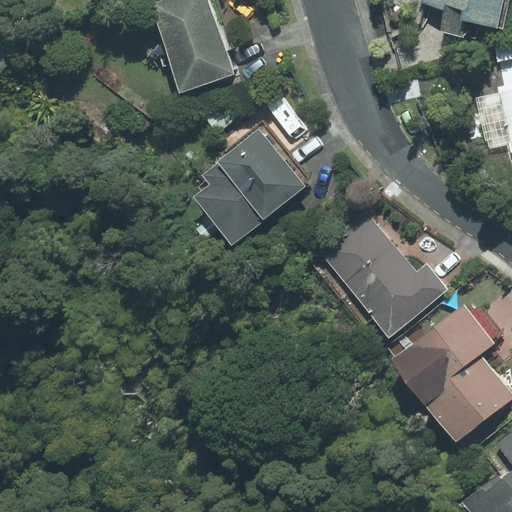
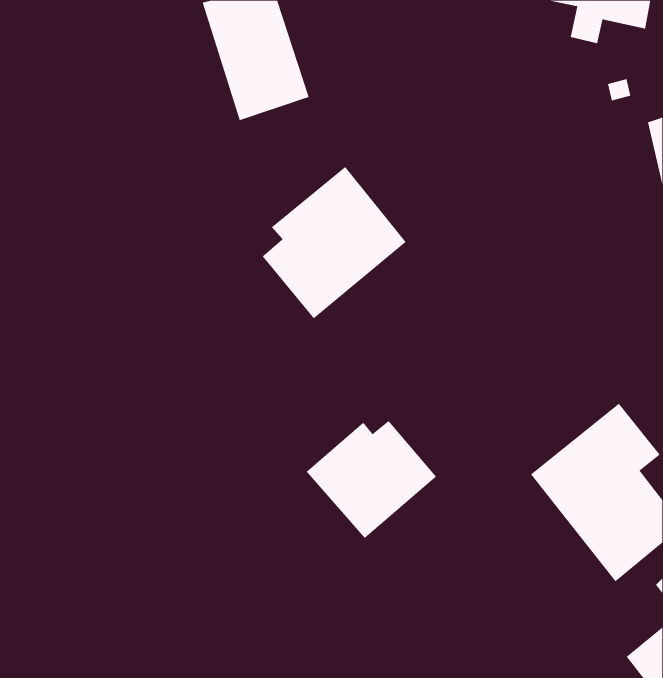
building: [313,211,443,337] -> none
building: none -> [306,420,437,539]

